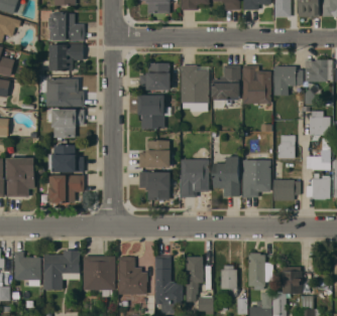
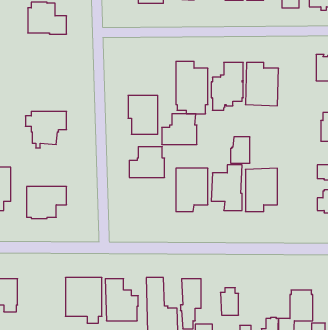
building: [49,43,83,70] -> none
building: [139,62,171,90] -> [162,114,197,144]
building: [273,65,303,95] -> none
building: [40,77,84,107] -> none
building: [277,135,295,158] -> [231,137,250,163]
building: [48,145,84,172] -> none
building: [139,171,171,199] -> none
building: [273,179,300,200] -> none
building: [43,250,80,289] -> none
building: [248,253,271,290] -> none

